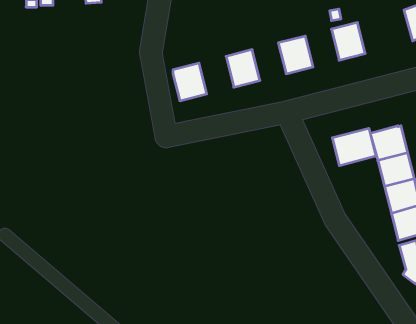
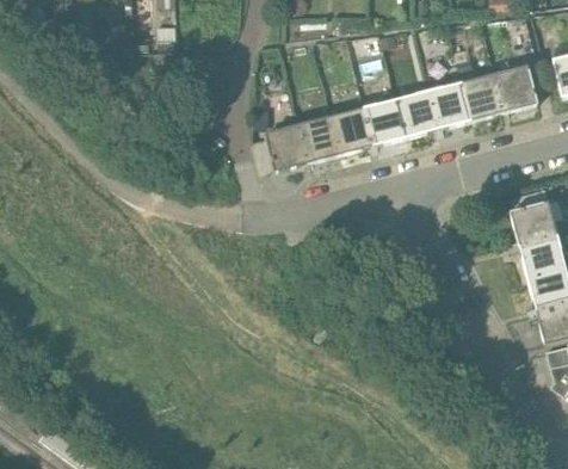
building: none -> [494,64,538,112]
building: none -> [430,82,471,129]
building: none -> [364,99,406,146]
building: none -> [298,116,341,162]
building: [332,128,376,166] -> none

